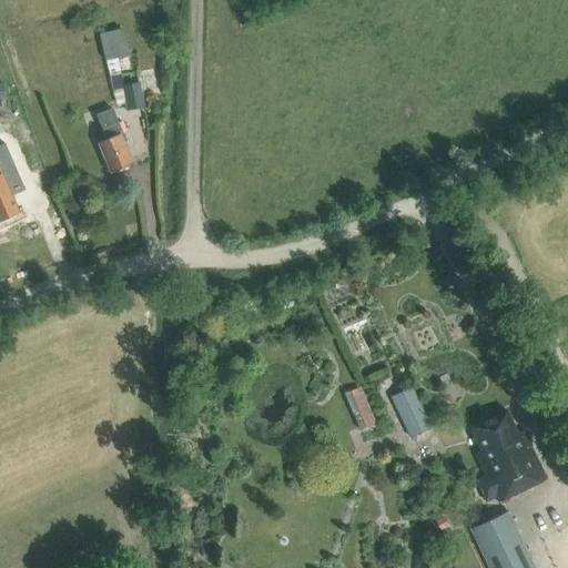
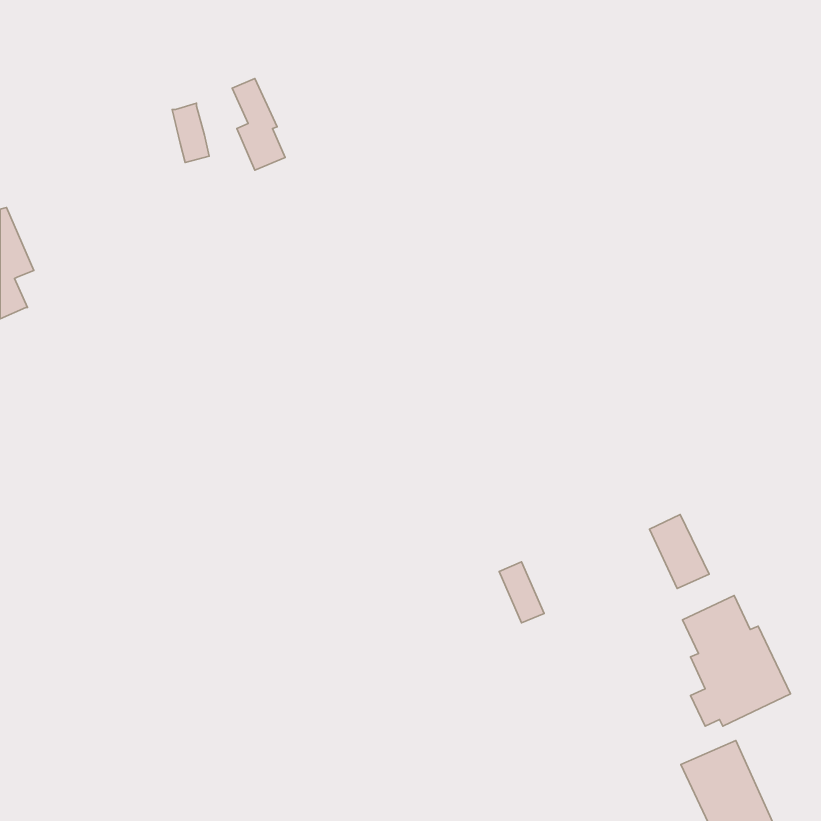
building: [100,27,130,61] -> none
building: [97,110,133,173] -> [232,78,285,170]
building: [392,389,433,440] -> [650,515,709,589]

